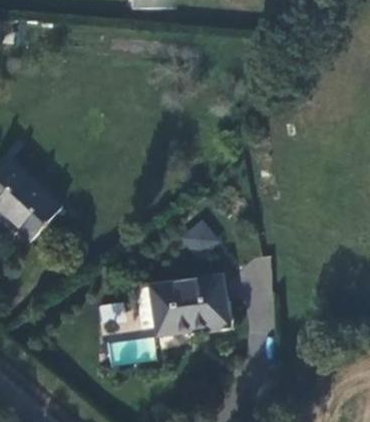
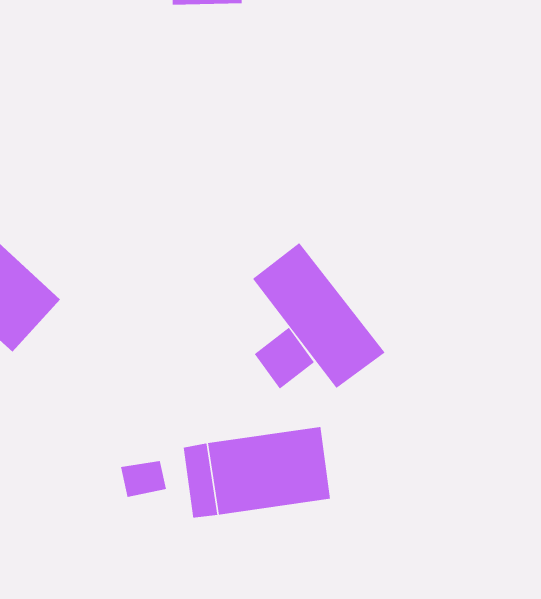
building: none -> [252,242,385,389]

